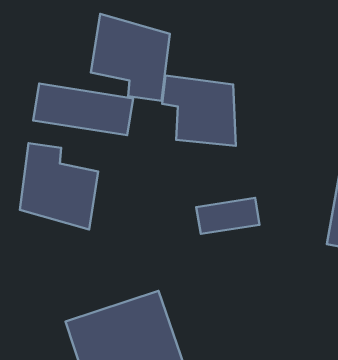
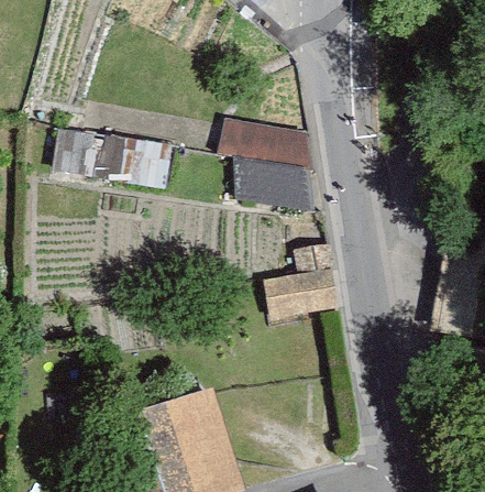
building: [91,14,170,101] -> none
building: [20,143,98,230] -> none

